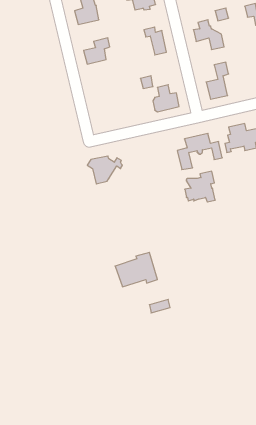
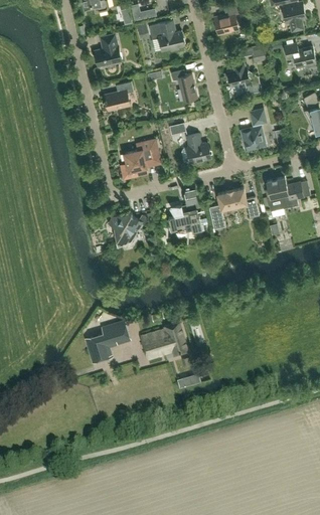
building: none -> [121,138,161,178]
building: [185,171,215,202] -> [167,197,201,231]
building: none -> [84,319,131,364]

